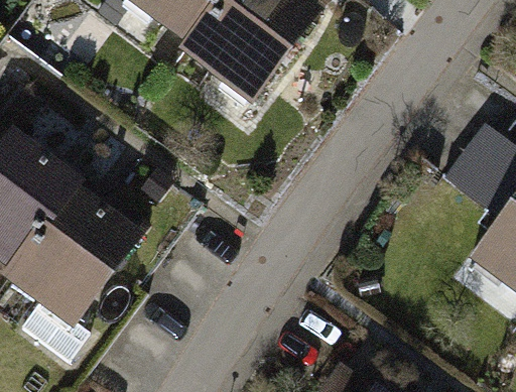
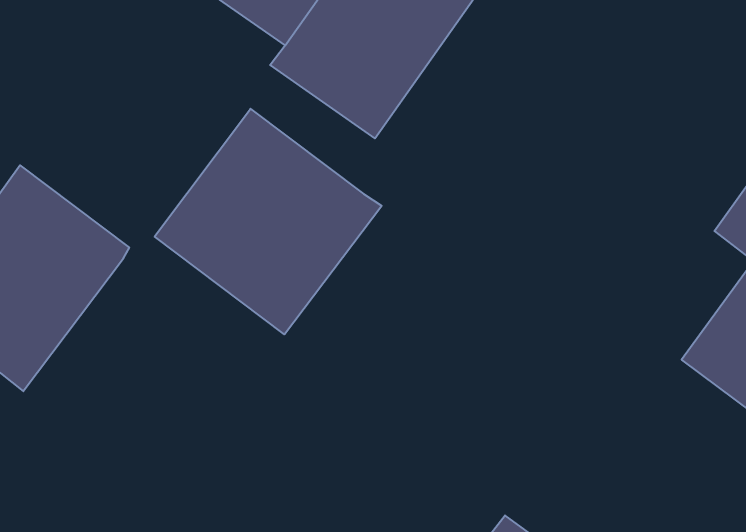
building: none -> [155,109,382,334]
building: [10,189,145,334] -> none

